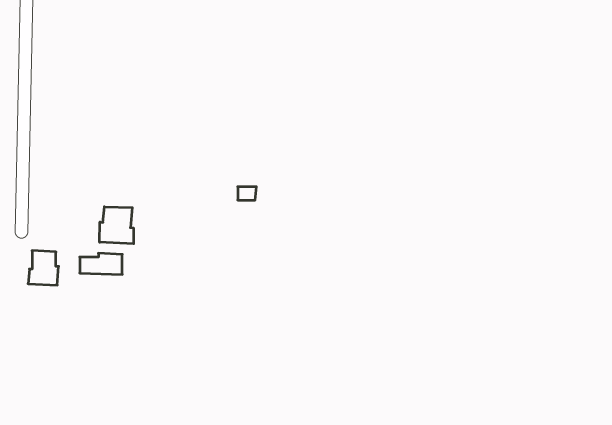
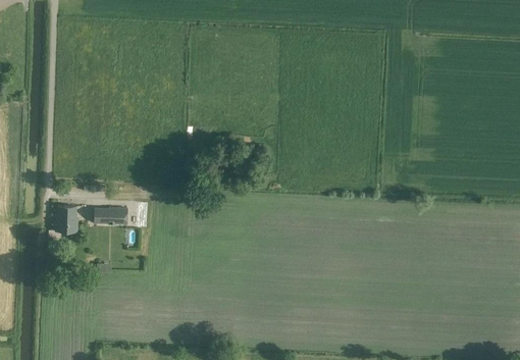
building: [100,207,134,244] -> none

